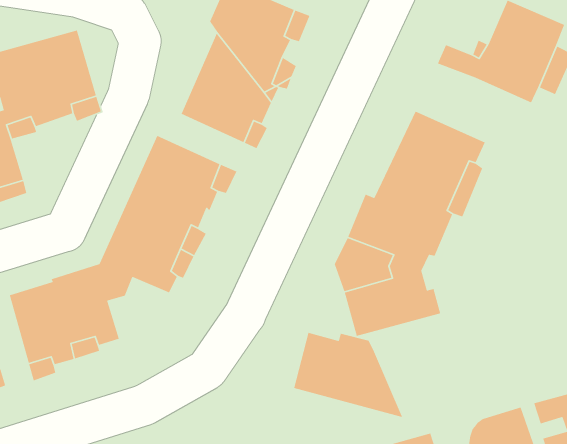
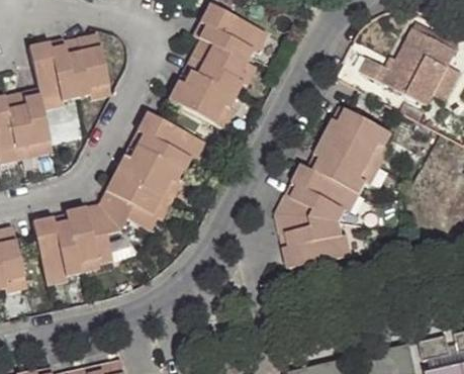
building: [293,332,404,418] -> none

